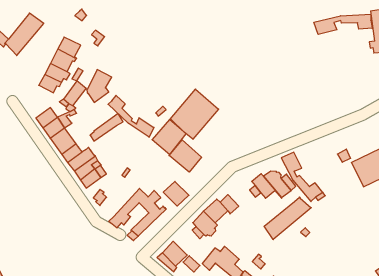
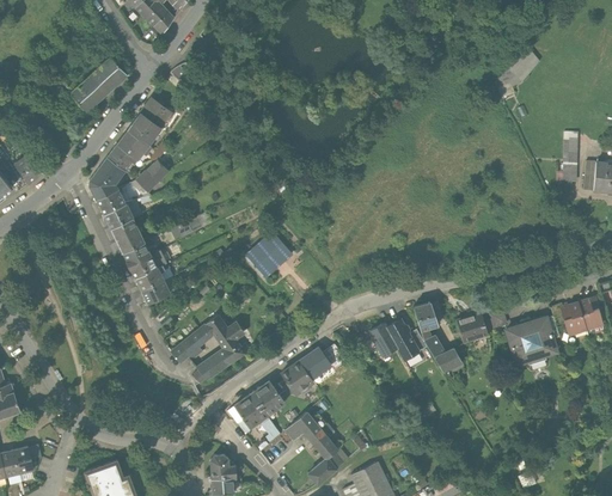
building: [314,14,372,34] -> none
building: [87,70,112,102] -> [88,157,124,200]
building: [170,89,219,139] -> none
building: [108,95,154,137] -> none
building: [169,140,202,172] -> none
building: none -> [455,311,488,341]
building: [163,181,189,206] -> [251,381,284,415]
building: [264,197,311,240] -> none

